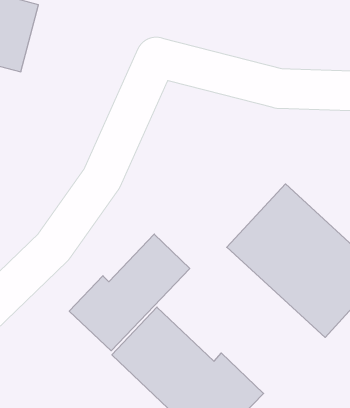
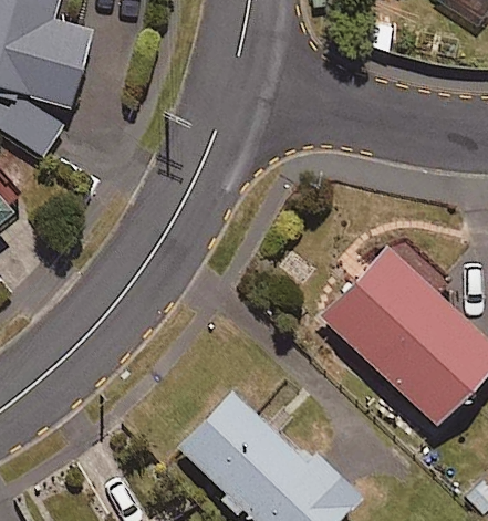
building: [69,234,190,351] -> none

